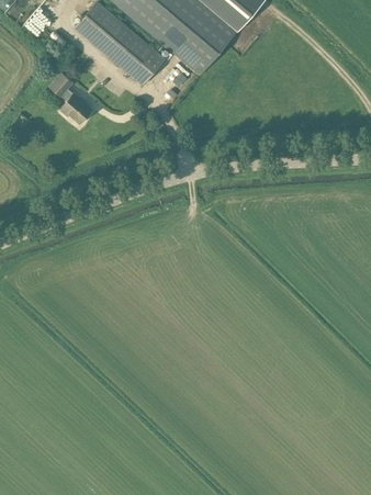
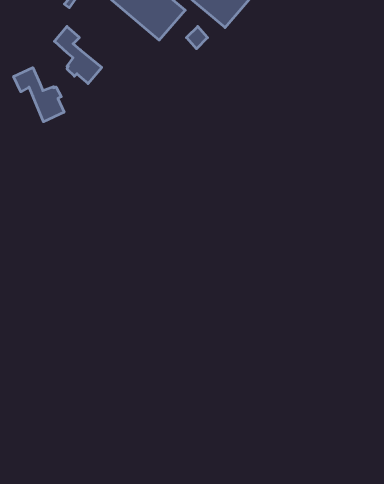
building: none -> [14,68,64,122]

